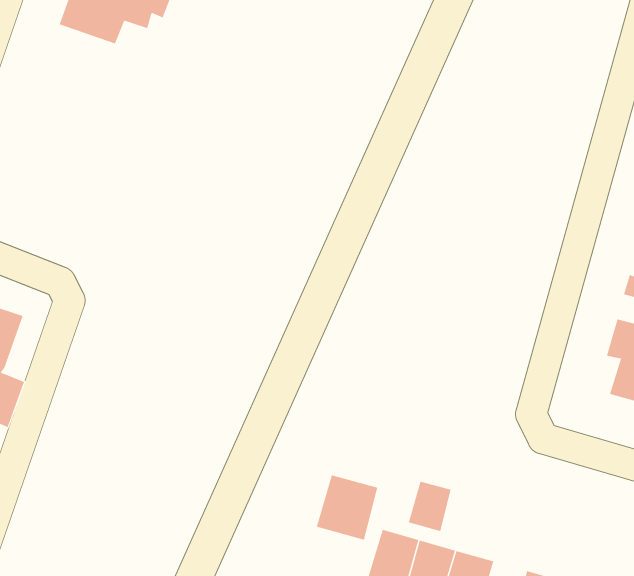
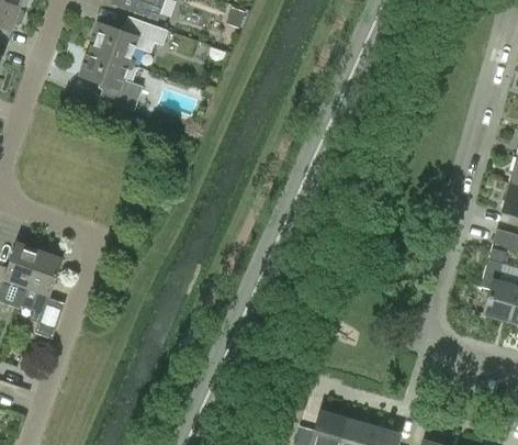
building: none -> [79,49,143,111]
building: [316,475,378,541] -> none
building: [408,481,451,532] -> none

